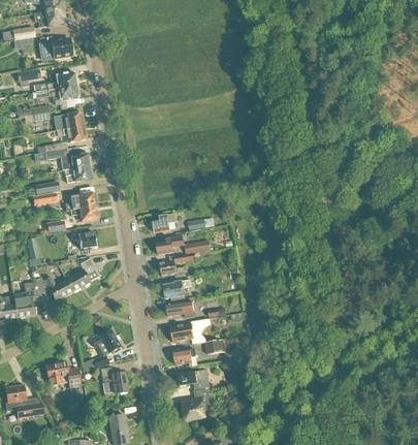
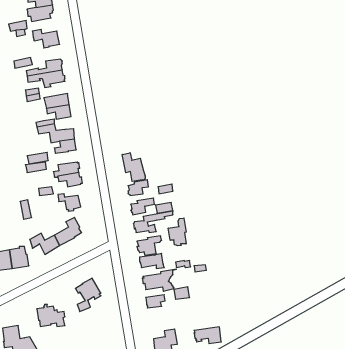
building: none -> [122,153,145,181]
building: none -> [168,218,186,246]
building: [100,367,128,394] -> none
building: [178,369,210,388] -> [194,327,221,344]

